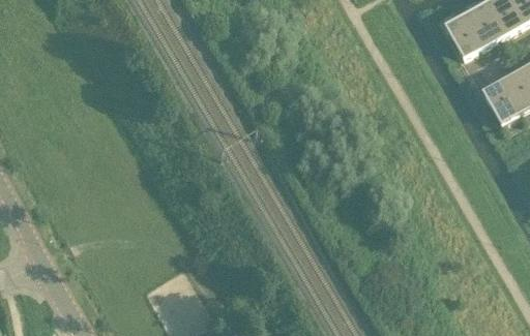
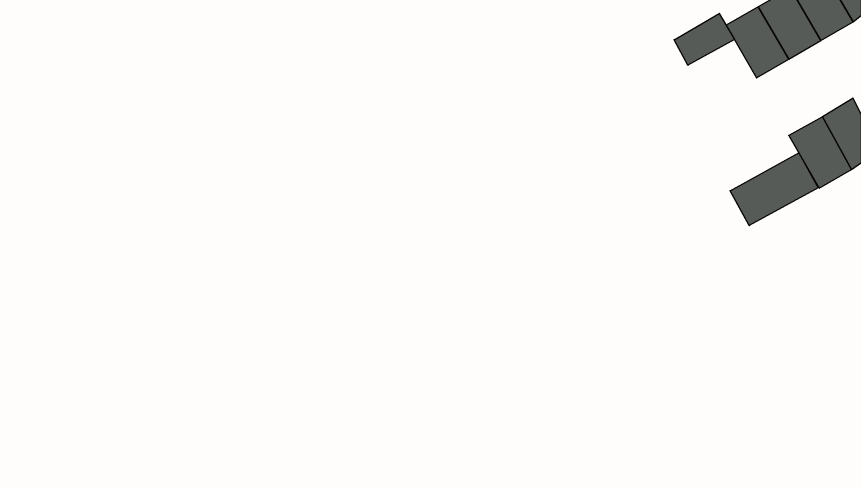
building: none -> [674,13,734,65]
building: none -> [730,153,818,226]

